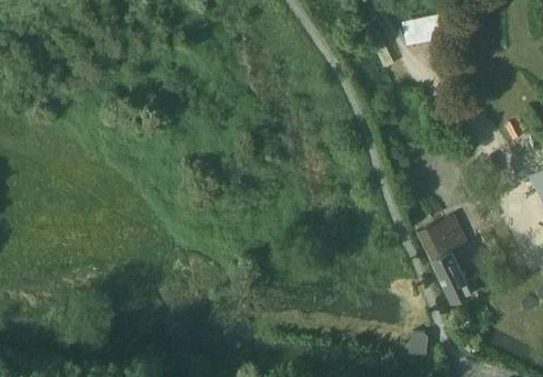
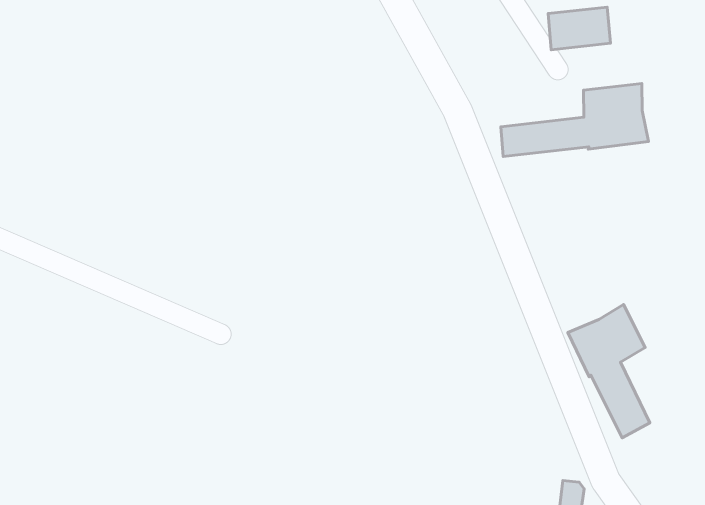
building: none -> [501,84,648,156]

